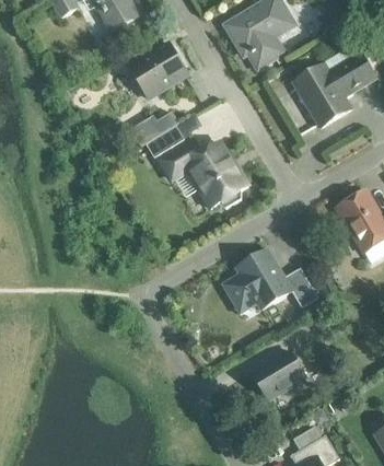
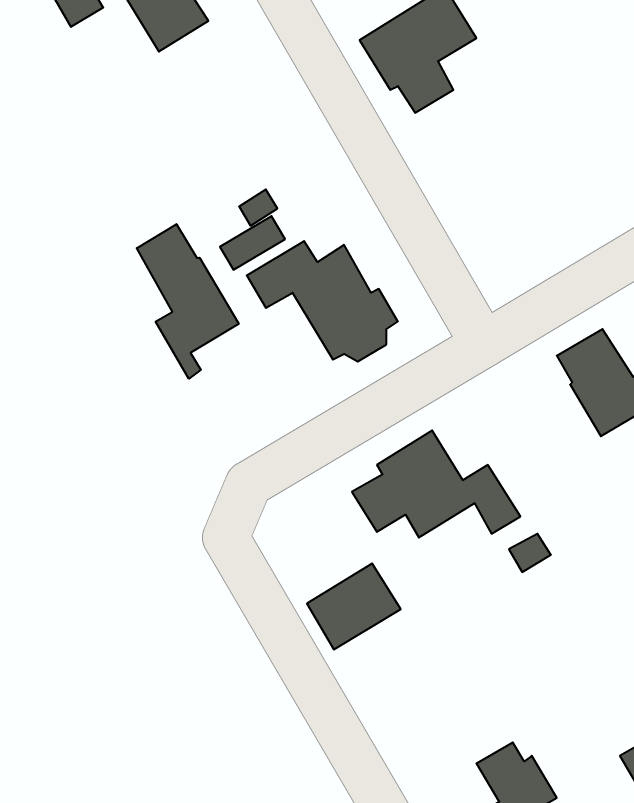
building: [129,43,187,97] -> none
building: [291,49,377,128] -> none
building: none -> [137,224,239,379]
building: [252,350,305,399] -> [307,563,401,649]

